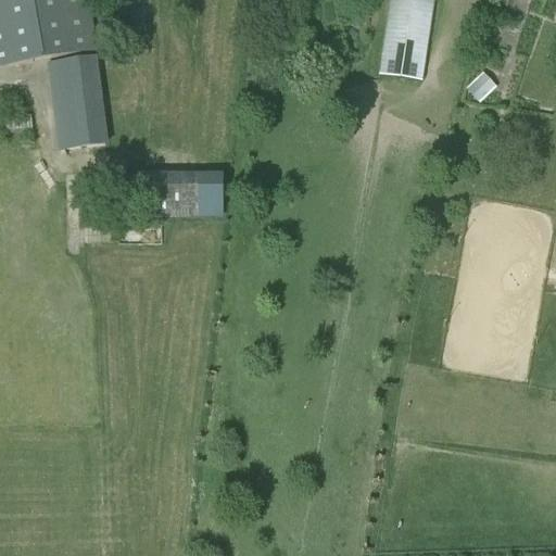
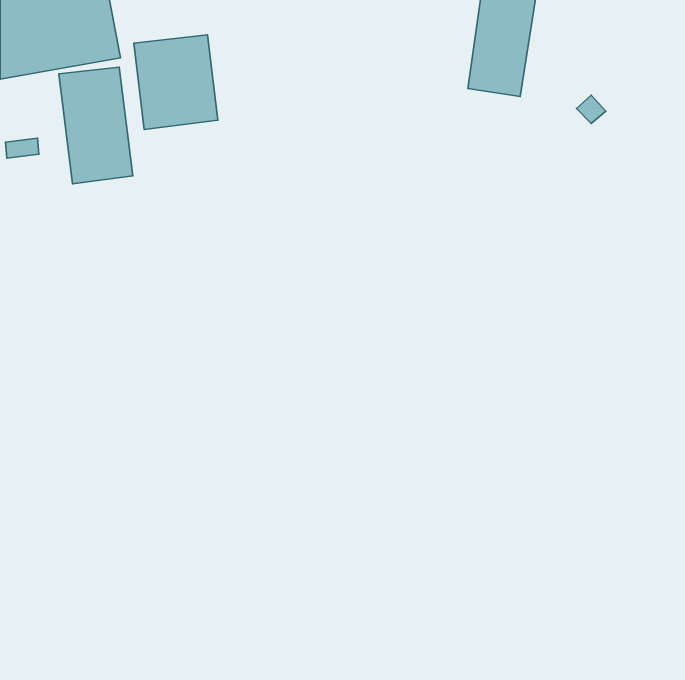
building: none -> [134,35,218,130]
building: [142,170,222,215] -> none

